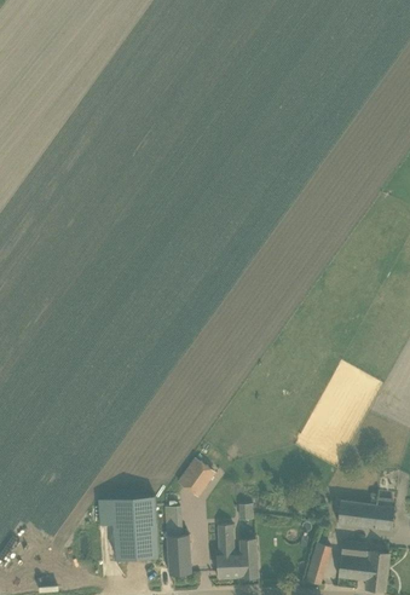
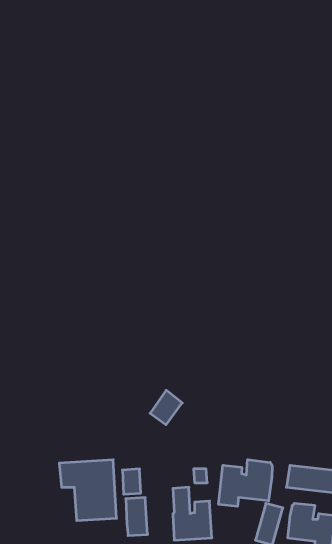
building: [178,458,212,495] -> [150,390,182,425]
building: none -> [219,460,272,506]

